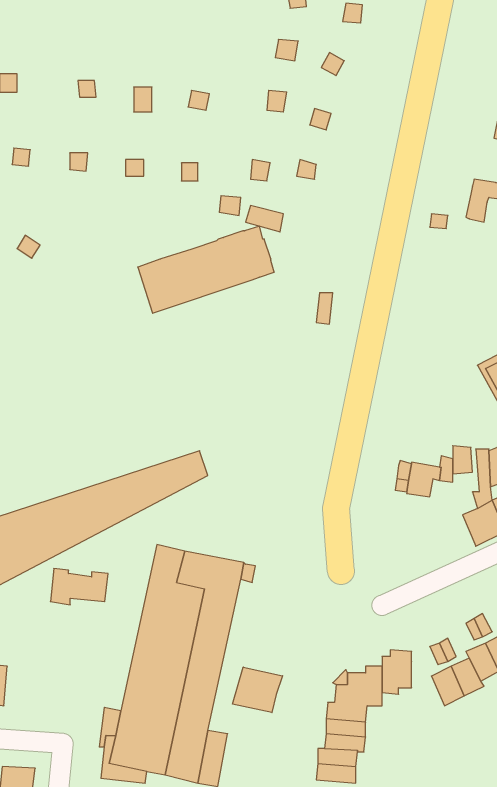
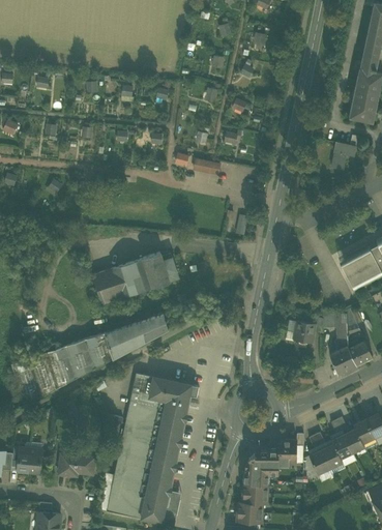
building: [138,226,274,313] -> [93,249,179,304]
building: [50,569,108,605] -> [59,453,95,476]
building: [233,667,283,713] -> none

